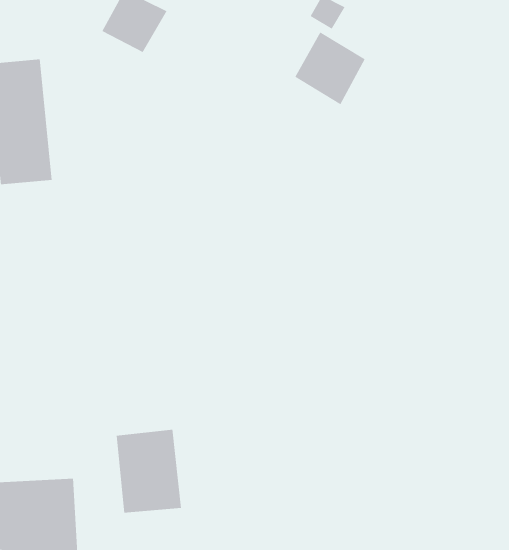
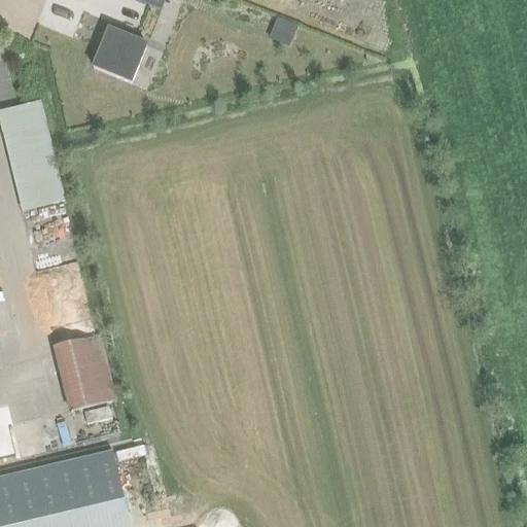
building: [294,32,366,105] -> none
building: [116,429,182,513] -> [52,332,116,410]

